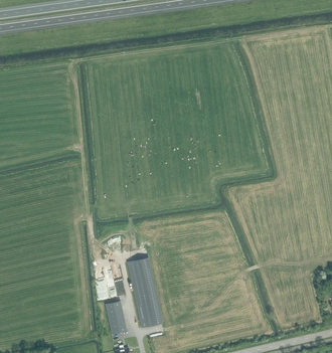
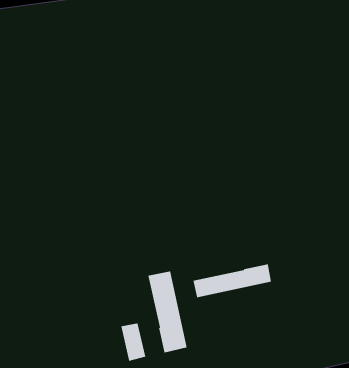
building: none -> [193,264,271,298]

